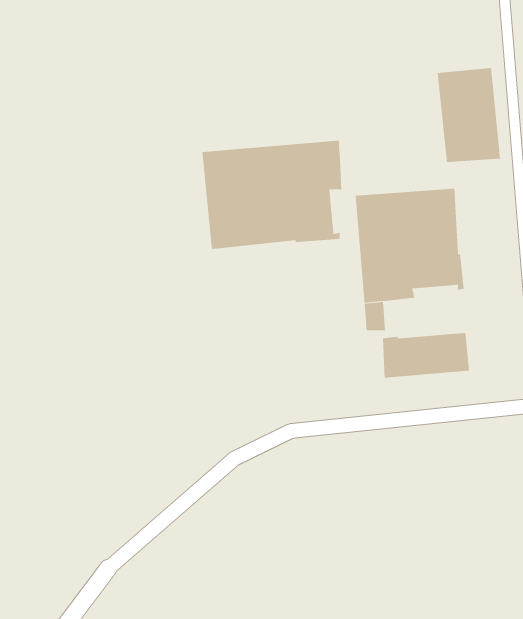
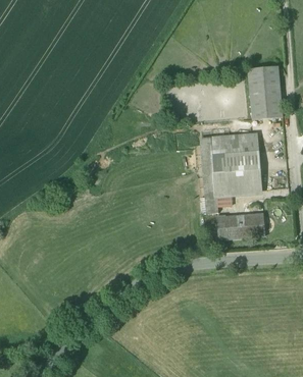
building: [202,140,342,250] -> none

